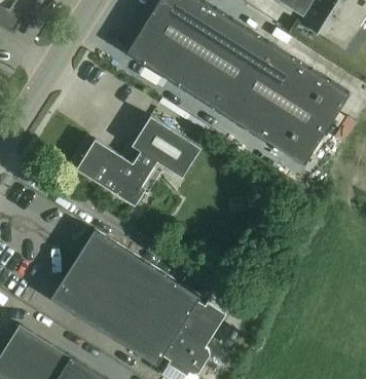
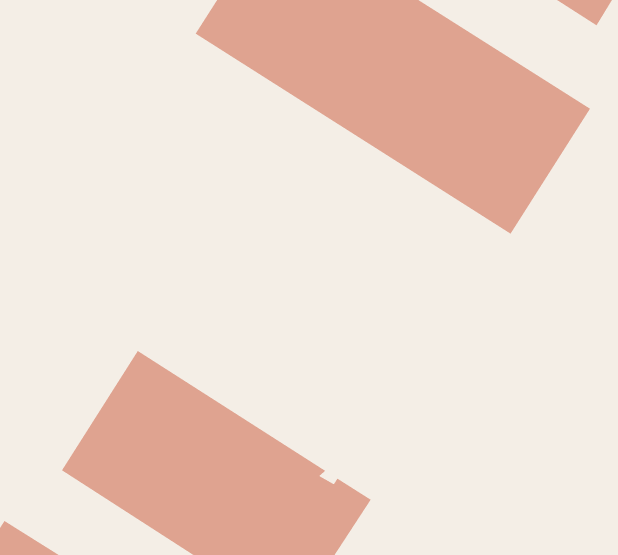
building: [77,116,200,204] -> none

